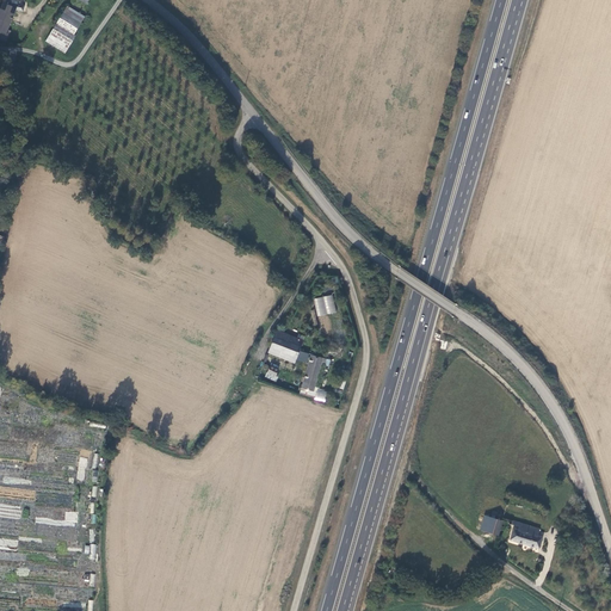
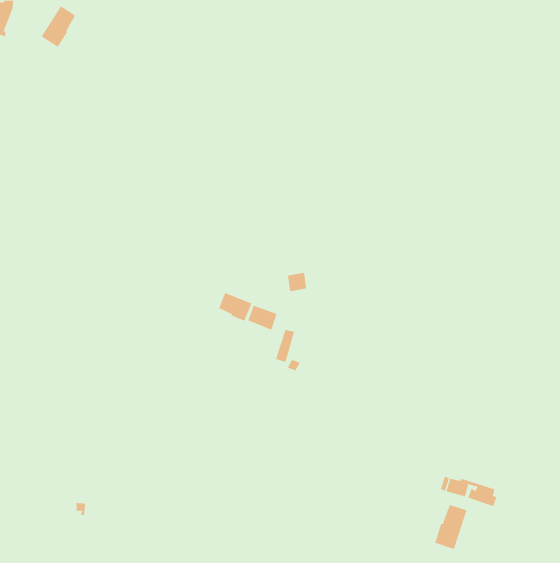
building: none -> [218,292,252,321]
building: none -> [435,504,467,550]

